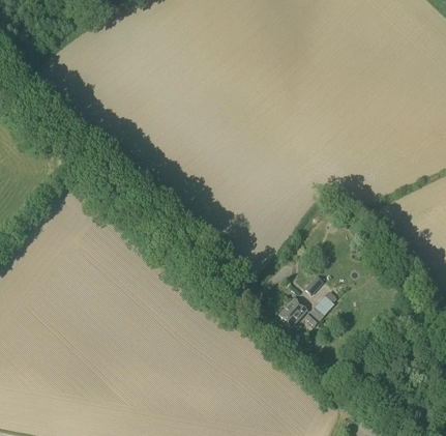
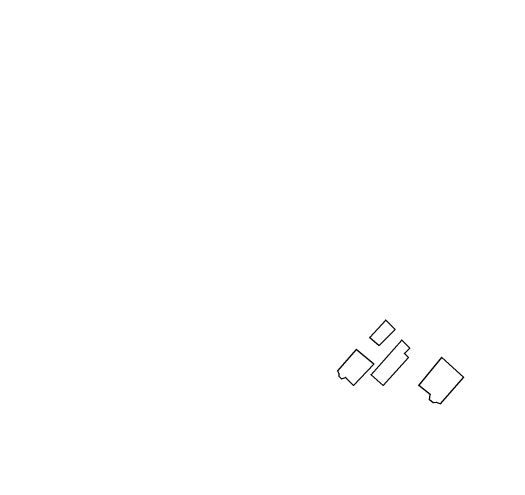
building: none -> [419,357,464,404]

